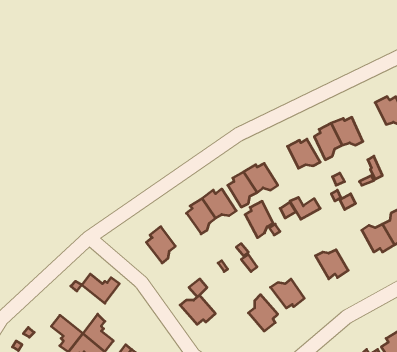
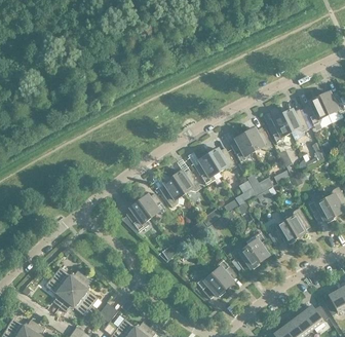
building: none -> [303,96,327,126]
building: [245,201,273,238] -> [229,133,253,163]
building: none -> [137,192,166,217]
building: none -> [284,207,309,237]
building: none -> [246,231,271,261]
building: [82,274,119,303] -> [51,266,83,291]
building: [180,295,215,324] -> [194,273,224,298]

